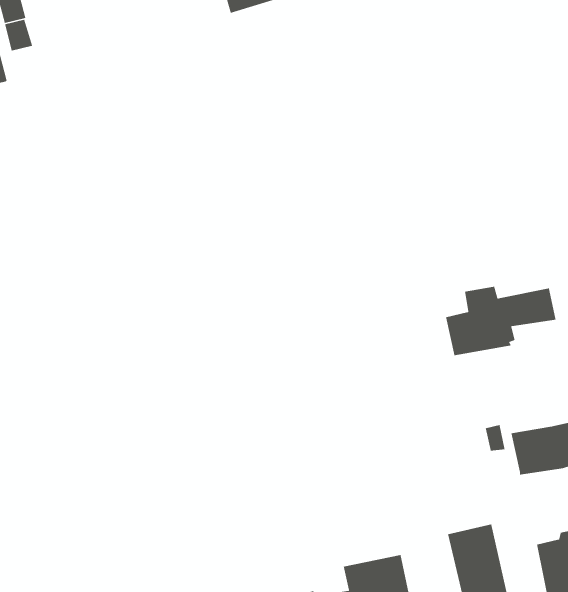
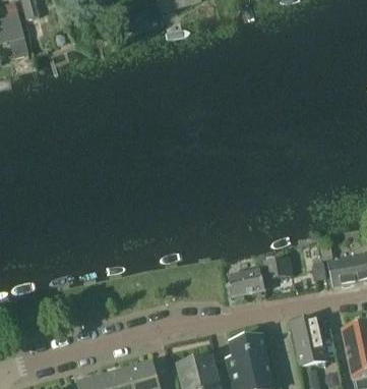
building: [445,286,556,356] -> [226,254,292,295]

